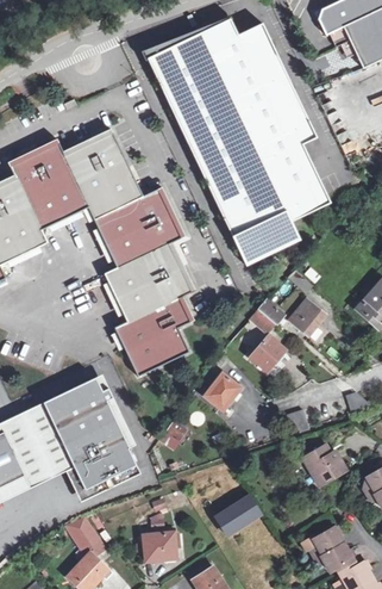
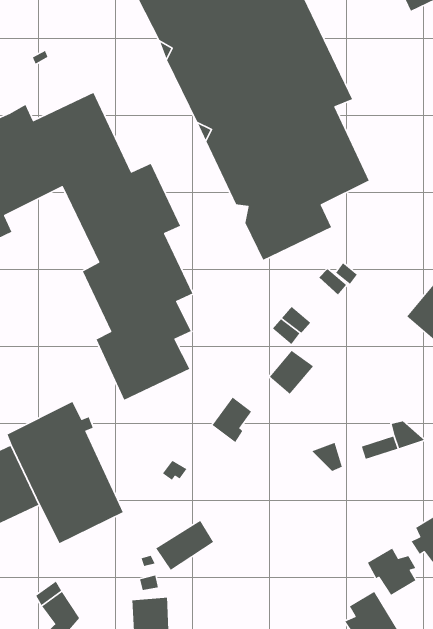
building: [289,299,325,335] -> none
building: [302,444,342,482] -> [367,547,417,596]
building: [211,494,257,534] -> [155,520,214,571]

